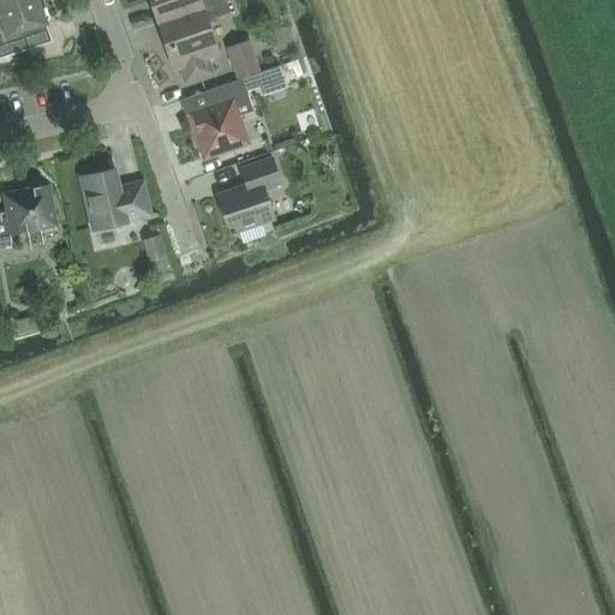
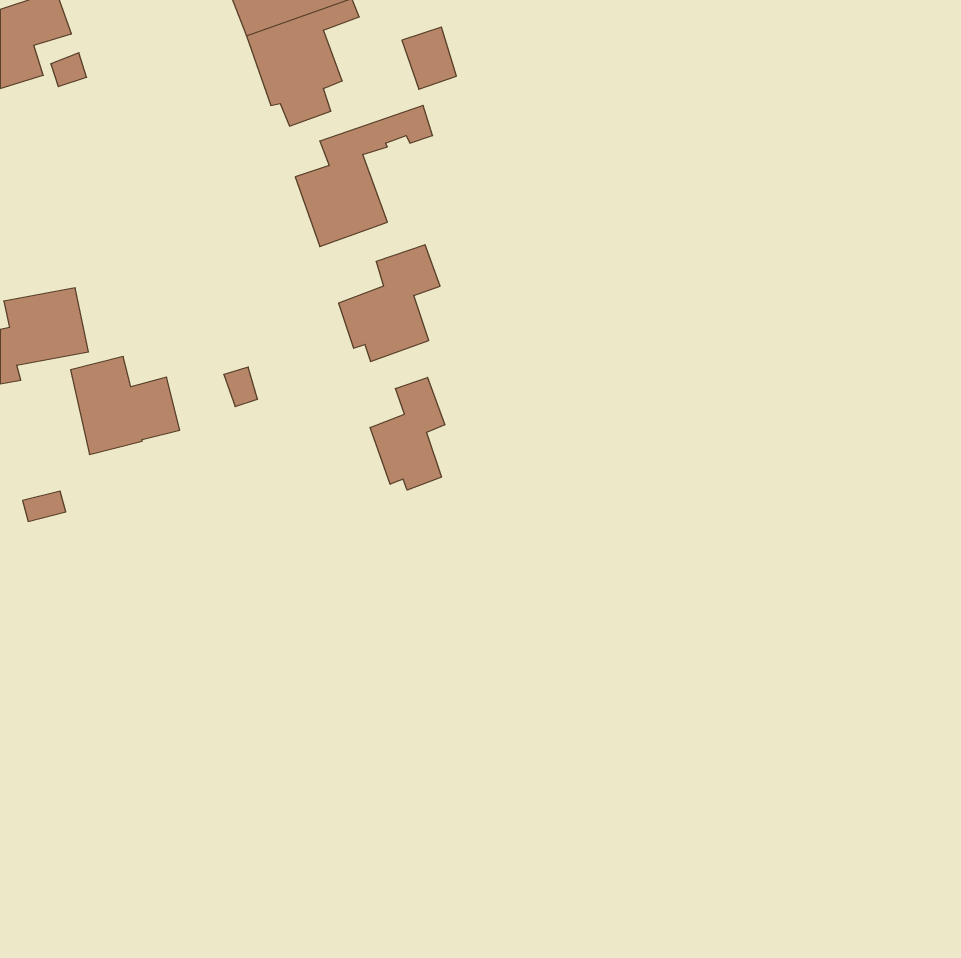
building: [225,37,259,77] -> [402,27,456,89]
building: [80,167,150,229] -> [71,357,180,454]
building: none -> [370,377,445,490]

